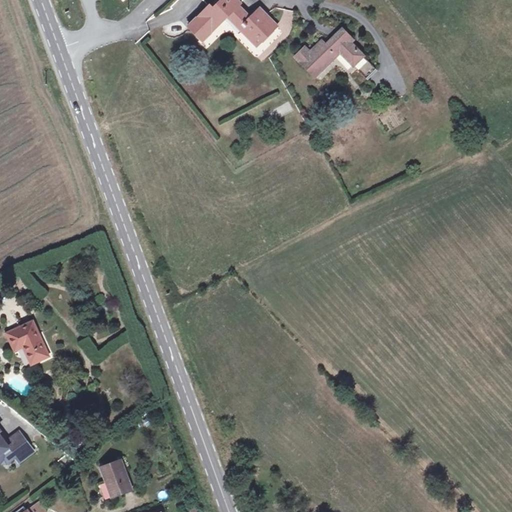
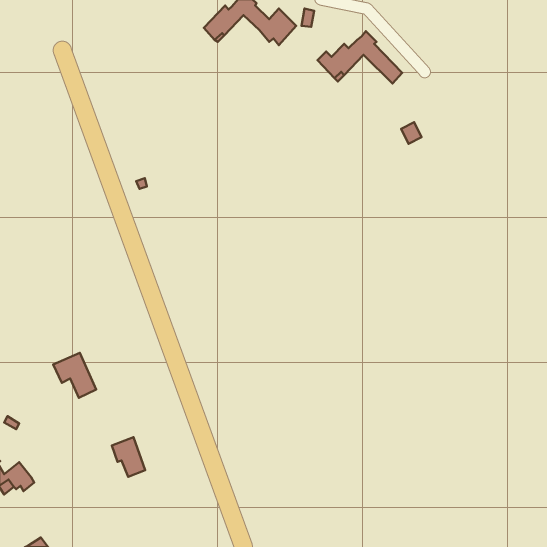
building: [7,321,47,363] -> [53,353,96,398]
building: [100,458,131,495] -> [112,437,145,477]

